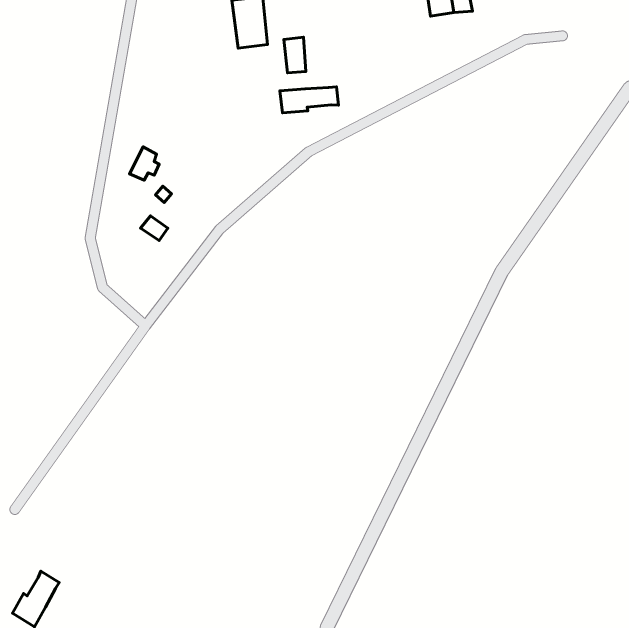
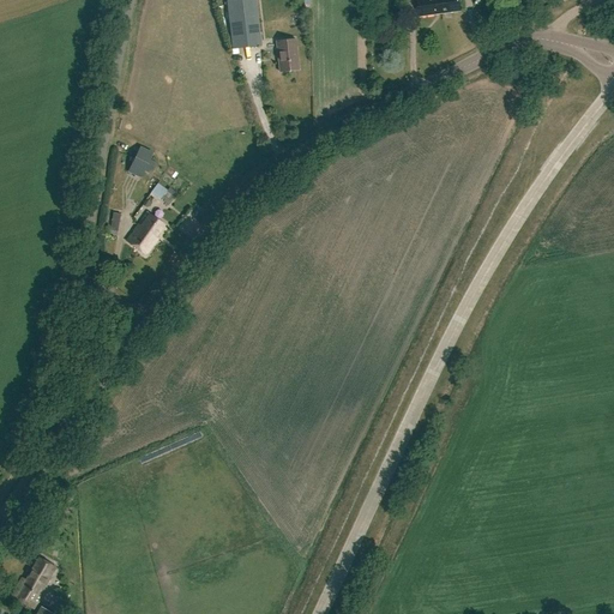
building: [280,87,338,113] -> none
building: none -> [127,222,158,253]

